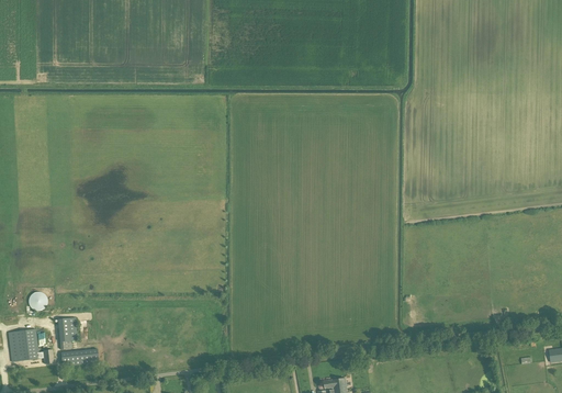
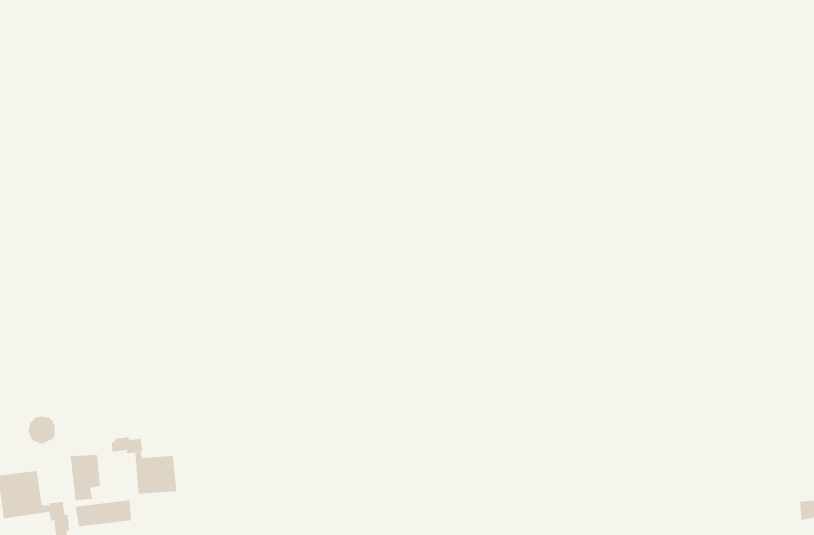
building: none -> [111,436,177,495]

